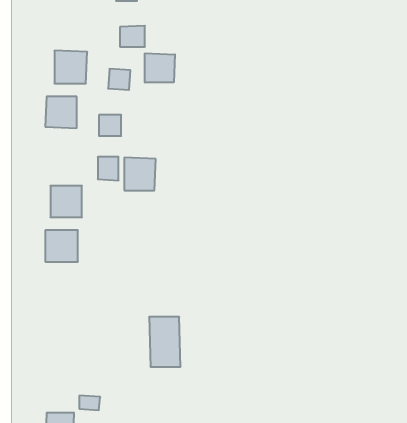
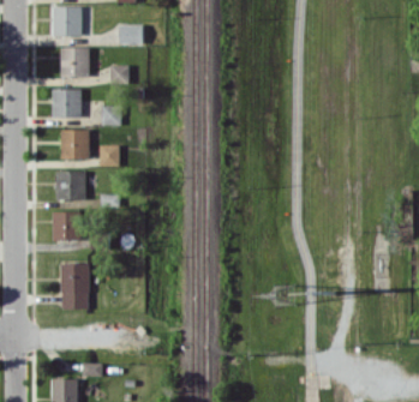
building: none -> [52,6,80,35]
building: [145,53,175,83] -> none
building: [124,158,156,190] -> [61,128,90,158]
building: [149,317,181,367] -> [60,263,89,308]

